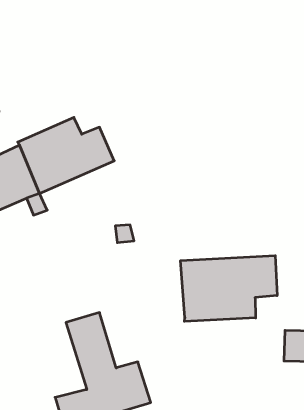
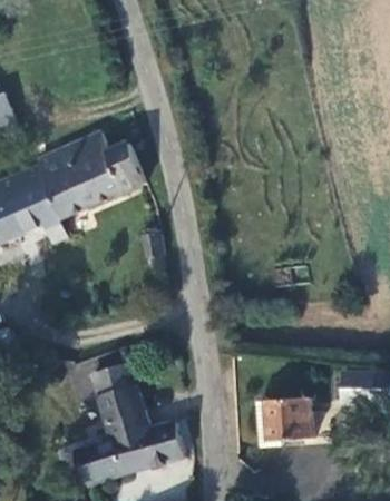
building: [181,256,277,321] -> none
building: none -> [267,399,313,441]

